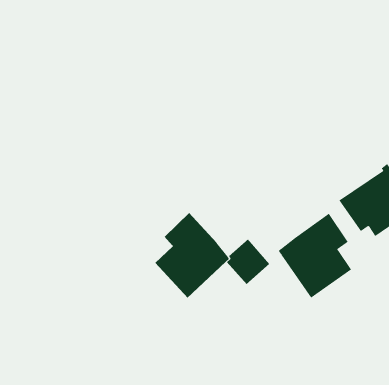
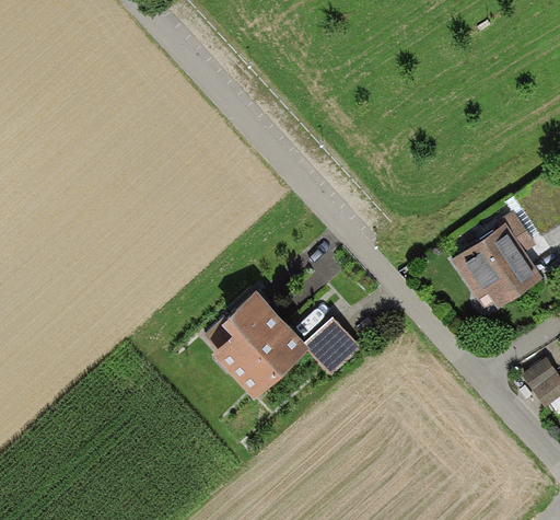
building: [278,213,352,298] -> none

